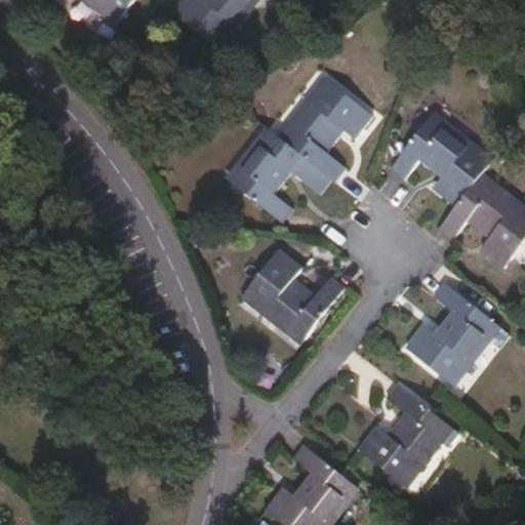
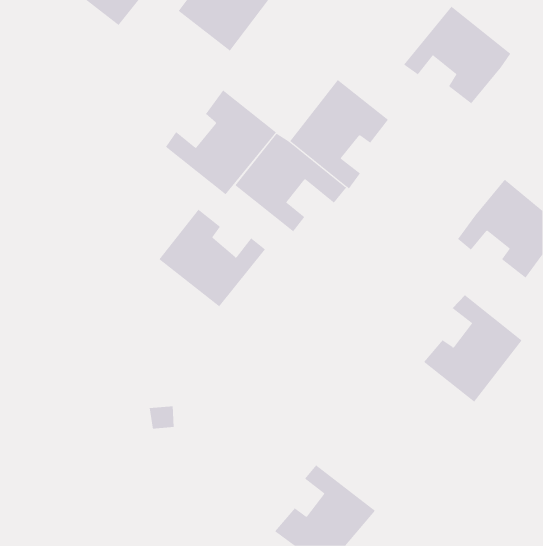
building: none -> [165,90,277,195]
building: [389,112,492,206] -> [403,6,511,104]
building: [241,249,344,344] -> [159,209,266,307]
building: [357,383,453,487] -> none

